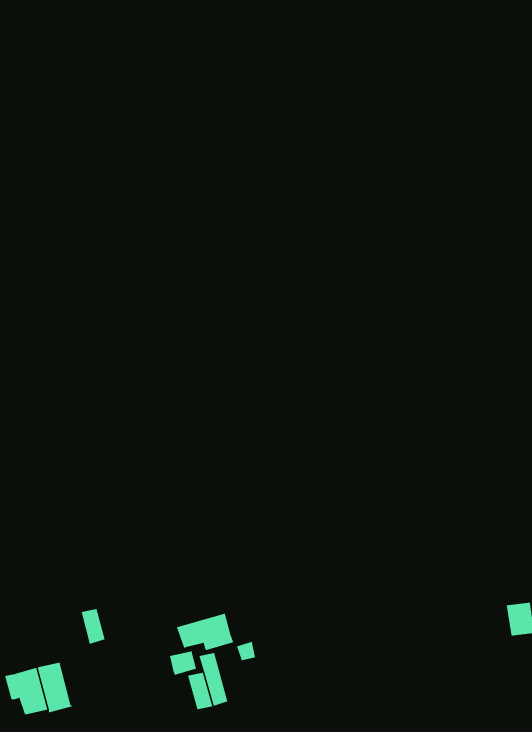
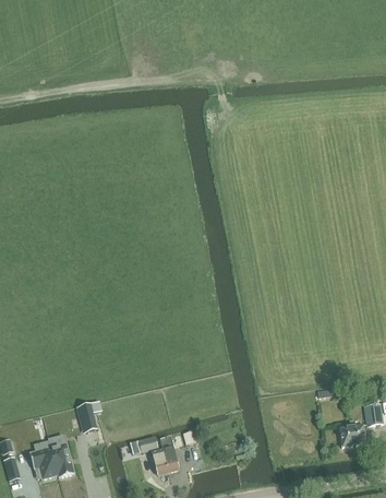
building: [176,613,234,651] -> none
building: none -> [339,424,366,447]

